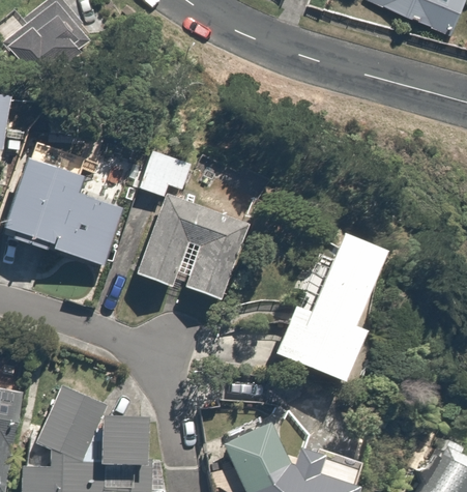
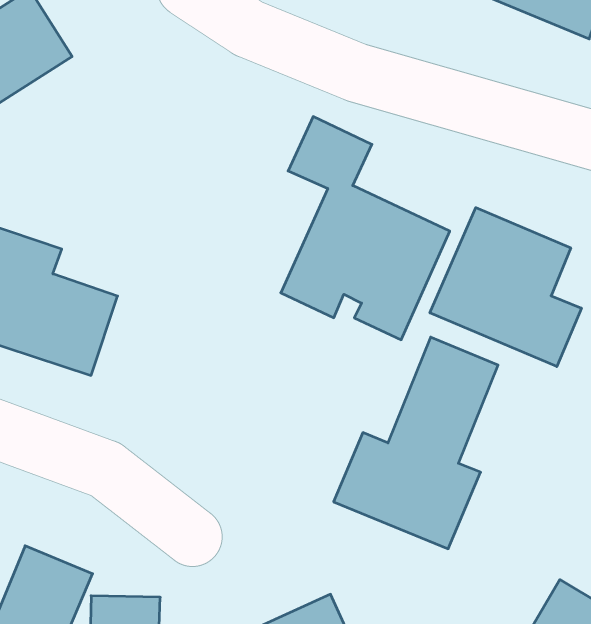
building: [130,145,250,302] -> [281,117,450,340]
building: none -> [430,208,581,367]

